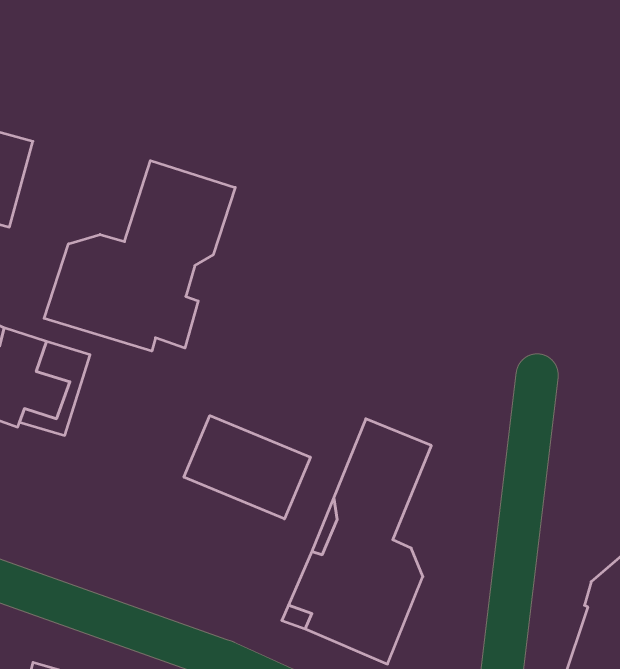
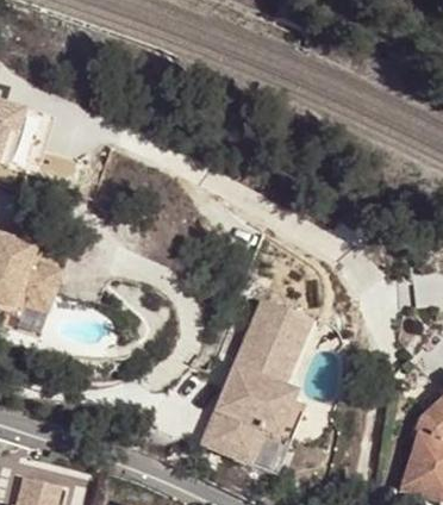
building: [44,161,235,351] -> none
building: [184,416,310,519] -> none

